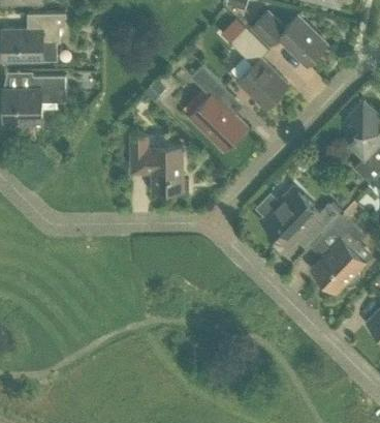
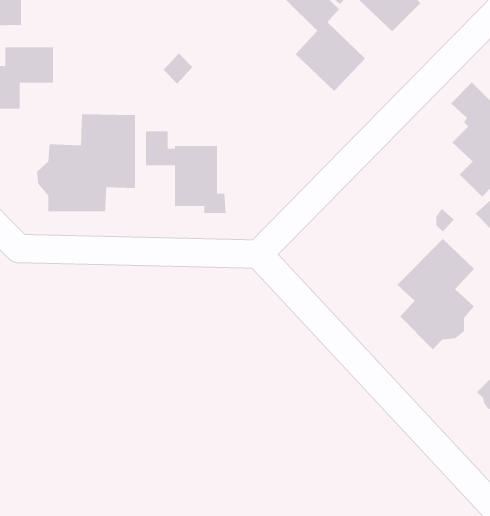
building: [189,65,248,151] -> none
building: none -> [37,113,135,212]
building: [256,193,340,246] -> none

